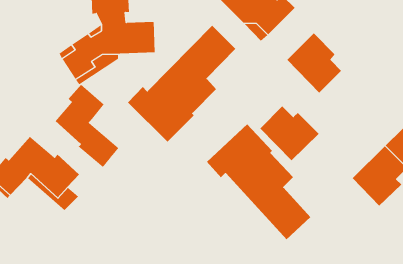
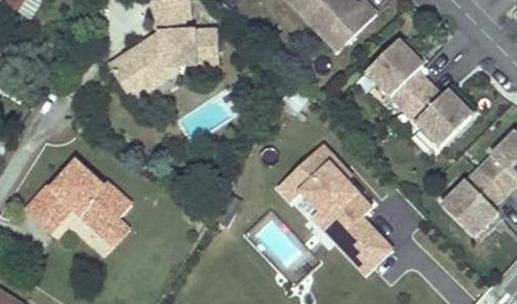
building: [127,25,236,143] -> none
building: [55,84,119,168] -> none
building: [260,106,320,161] -> [404,83,472,146]

